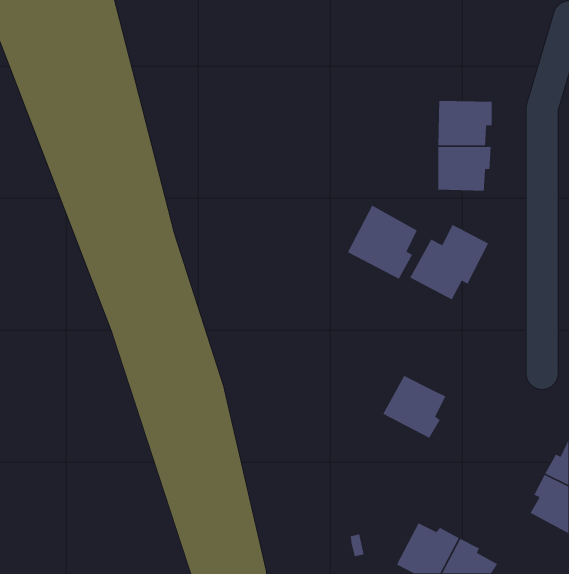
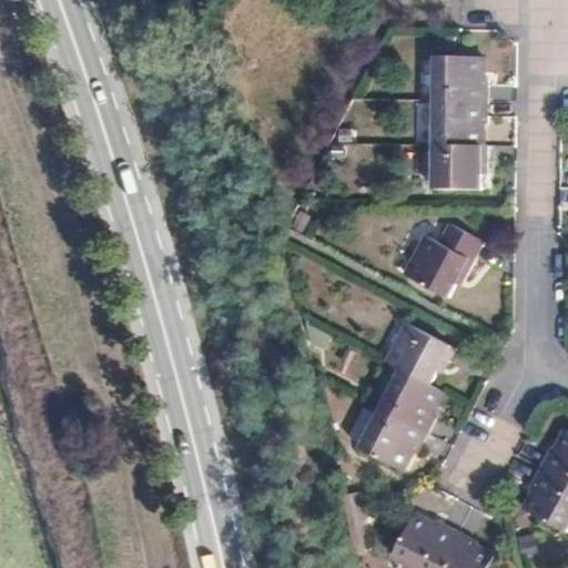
building: none -> [433,55,487,100]
building: [347,205,418,280] -> none
building: none -> [384,323,450,384]
building: none -> [356,408,424,471]

